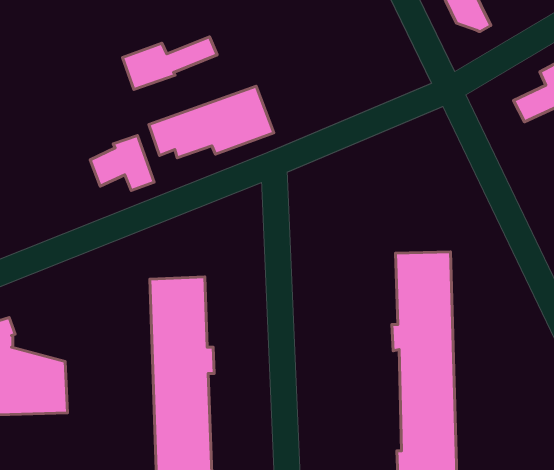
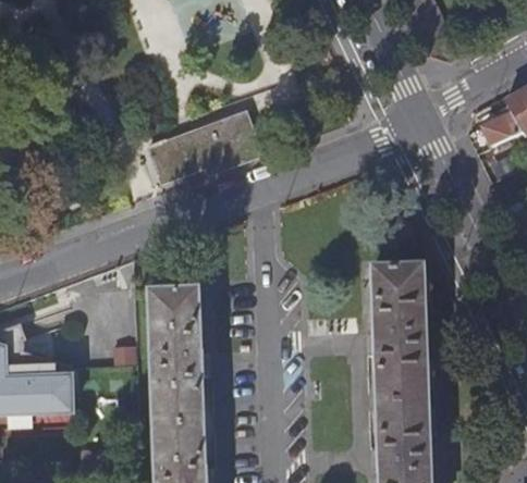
building: [122,37,217,90] -> none
building: [90,136,154,191] -> none

